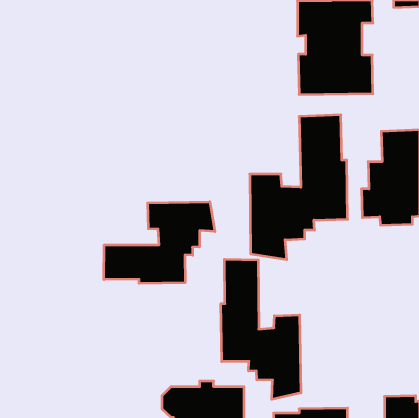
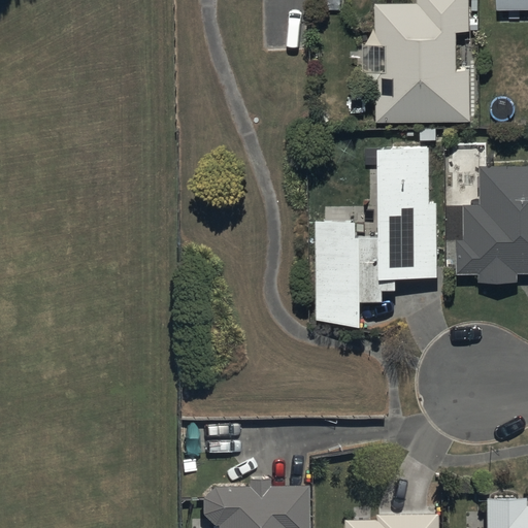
building: [104,202,215,283] -> none
building: [221,259,301,399] -> none

